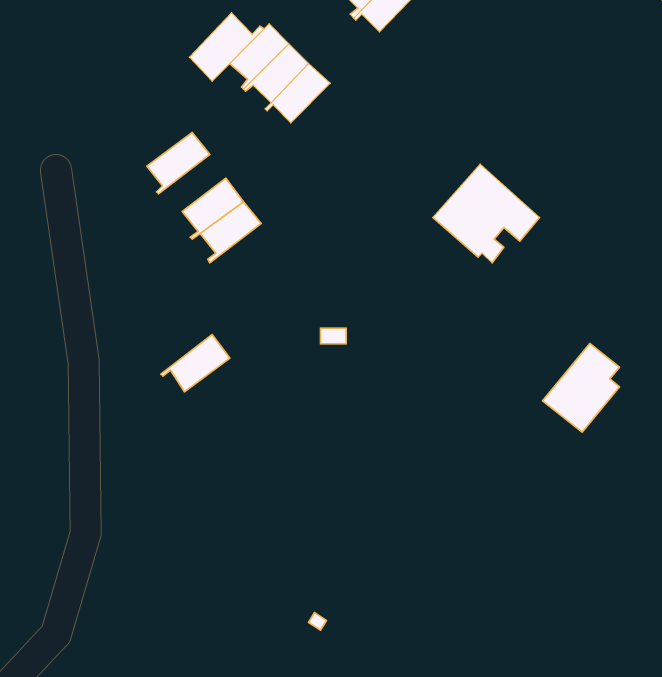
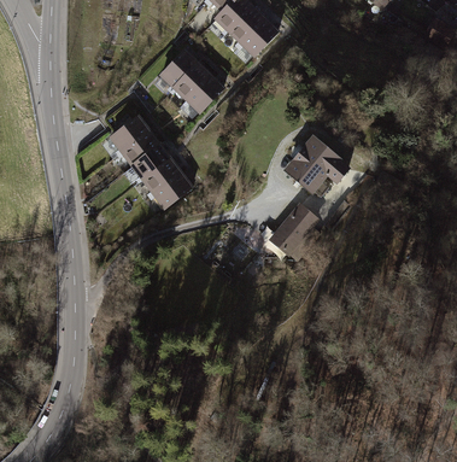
building: [190,13,264,81] -> none
building: none -> [117,129,158,164]
building: [161,335,230,392] -> [148,171,191,206]
building: [543,343,620,432] -> [270,204,317,258]

